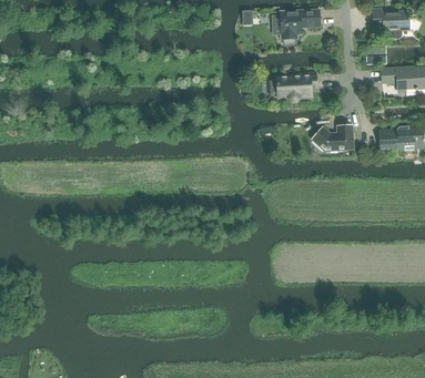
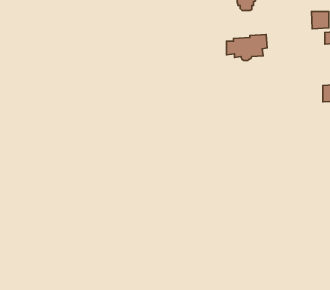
building: [312,124,353,150] -> none

